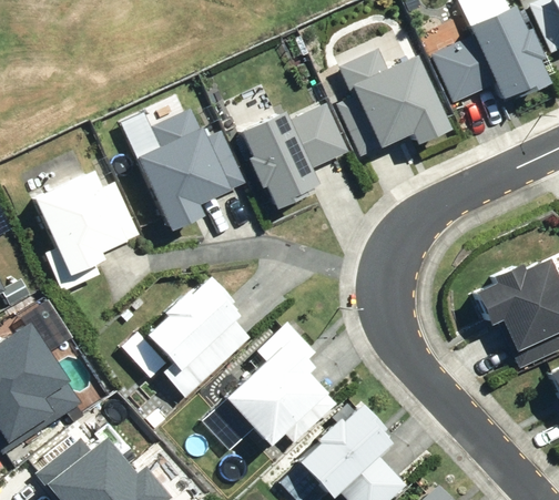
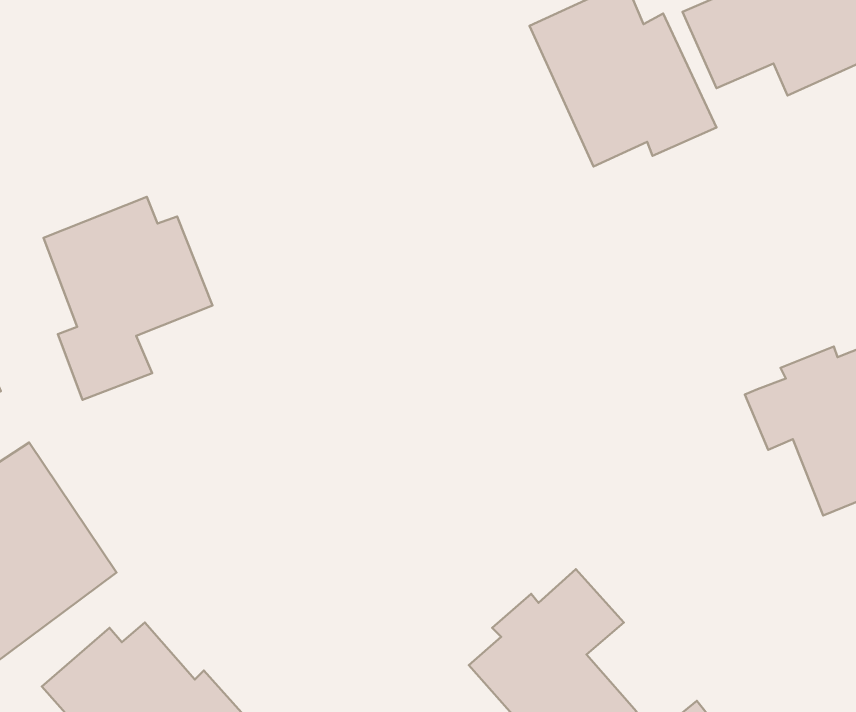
building: [240,105,350,207] -> none
building: [136,113,243,231] -> none
building: [149,287,250,399] -> none
building: [225,320,334,447] -> none

